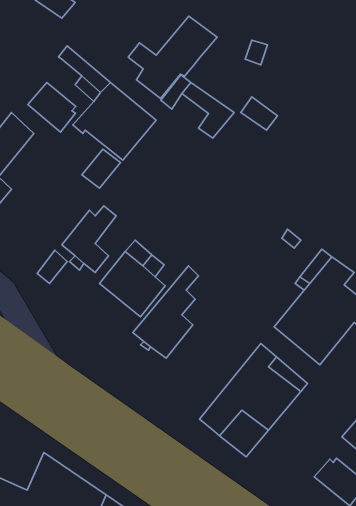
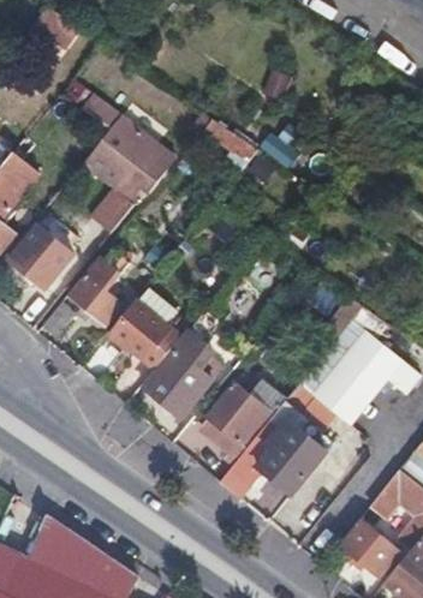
building: [128,16,217,99] -> none
building: [28,82,76,132] -> none
building: none -> [11,226,72,288]
building: none -> [202,381,284,458]

